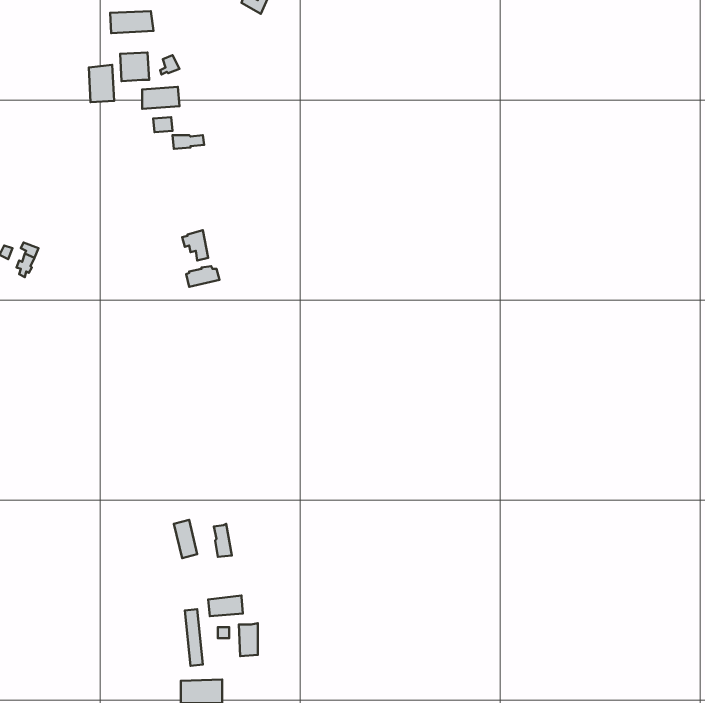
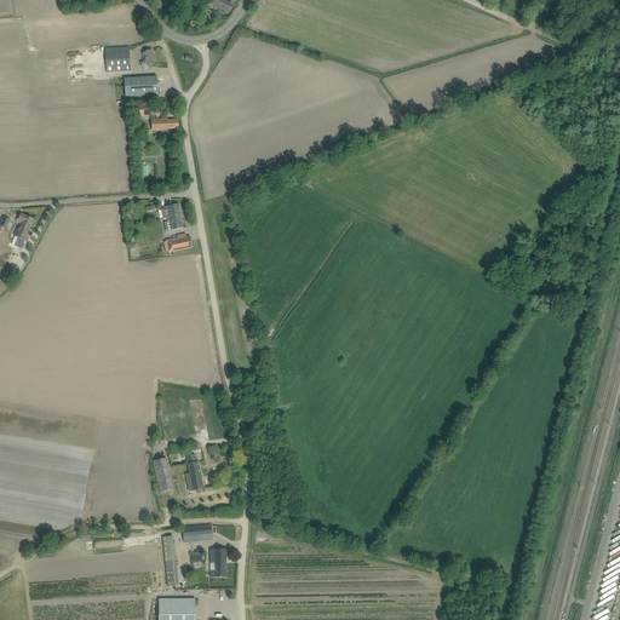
building: [110,11,154,33] -> none
building: [89,65,114,102] -> none

